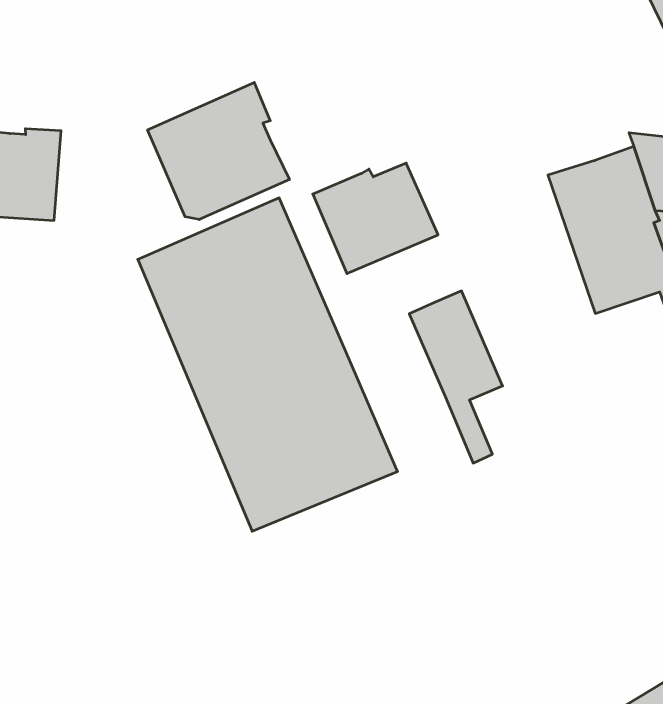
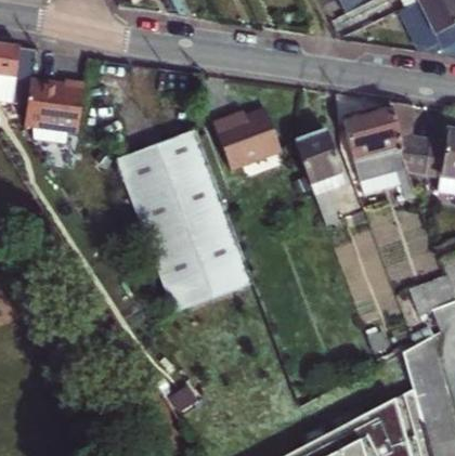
building: [148,82,289,220] -> none
building: [409,291,503,463] -> [298,129,347,223]

